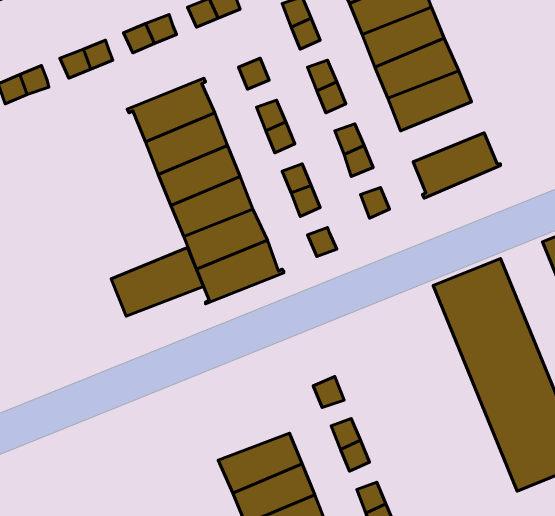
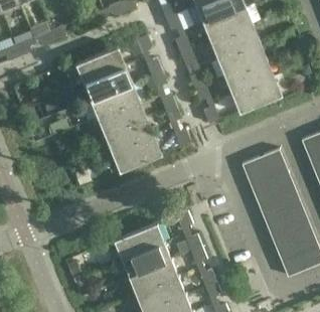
building: none -> [224,61,271,95]
building: [111,248,204,316] -> none
building: none -> [115,224,163,260]

